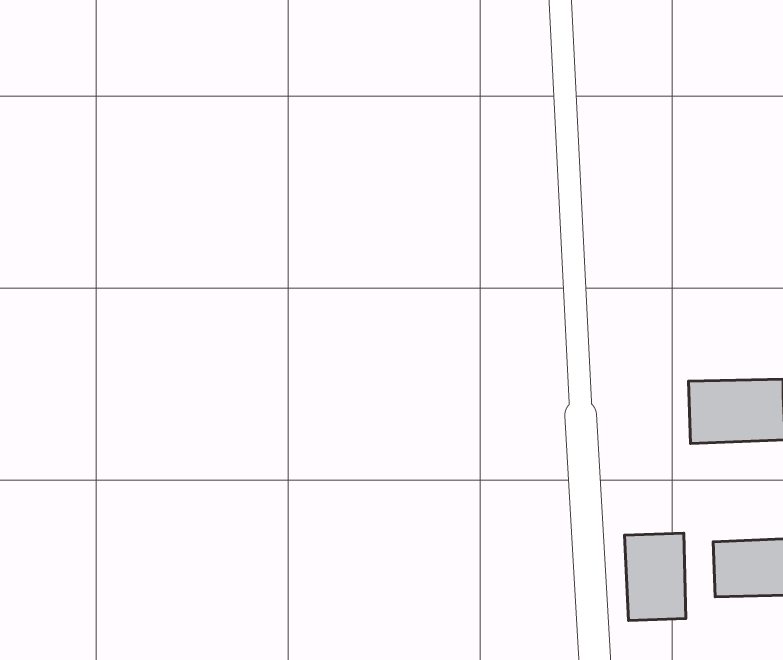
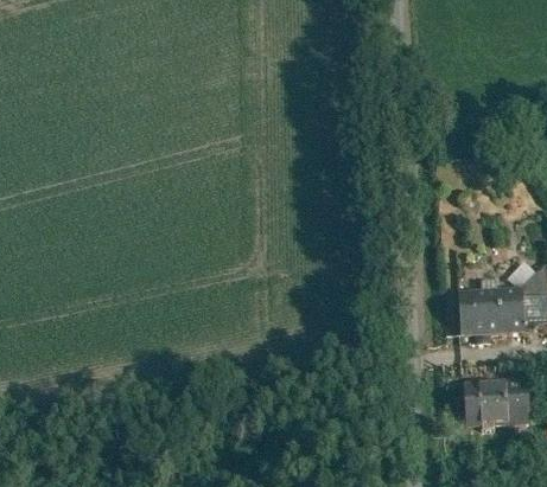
building: [625,533,686,621] -> none

